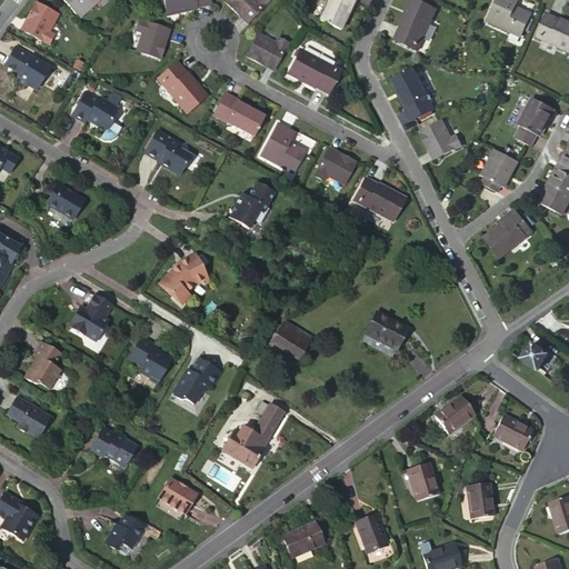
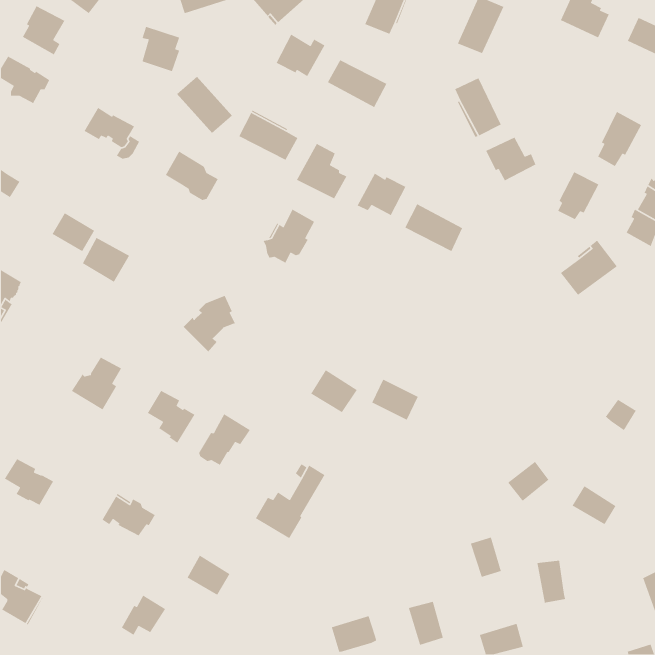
building: none -> [82,237,130,283]
building: [365,310,406,347] -> [371,378,419,421]
building: [24,342,61,389] -> none

